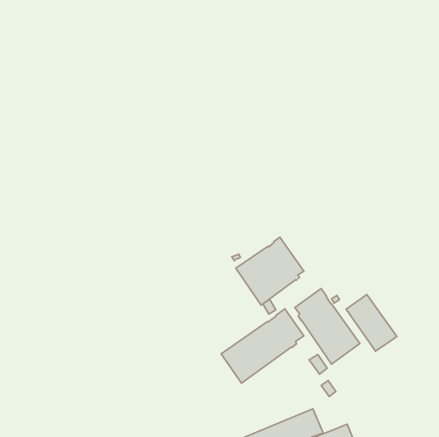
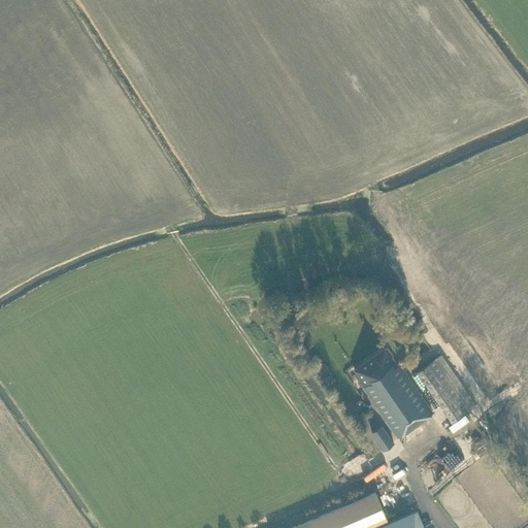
building: [236,237,304,305] -> none
building: [221,309,304,383] -> none

